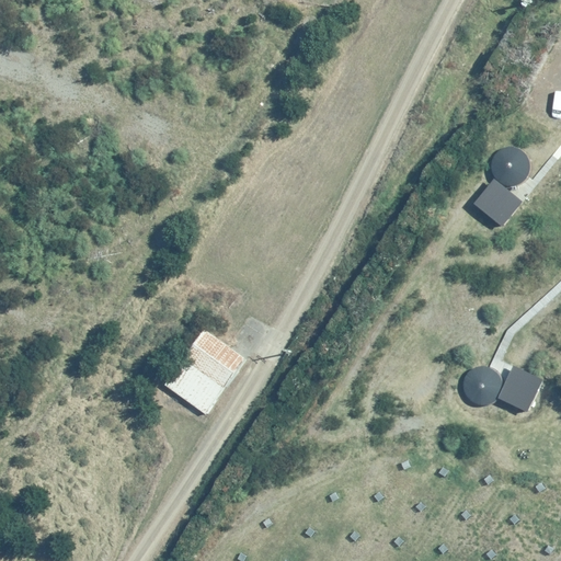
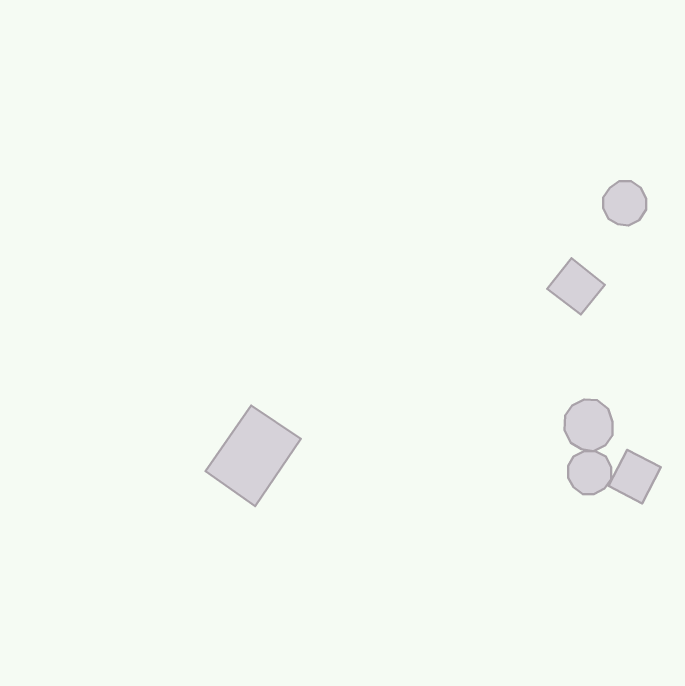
building: [474,178,522,224] -> [547,258,605,314]
building: none -> [564,400,613,451]

